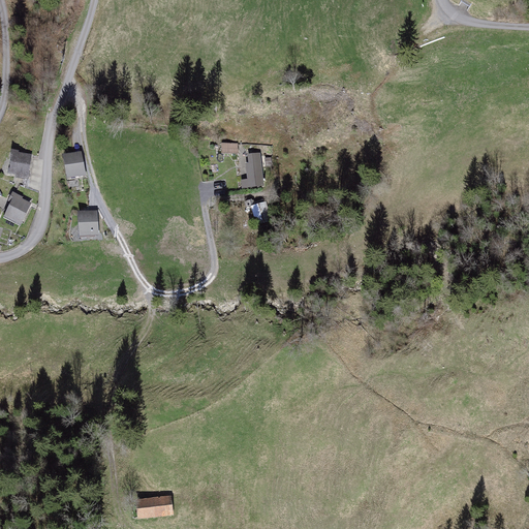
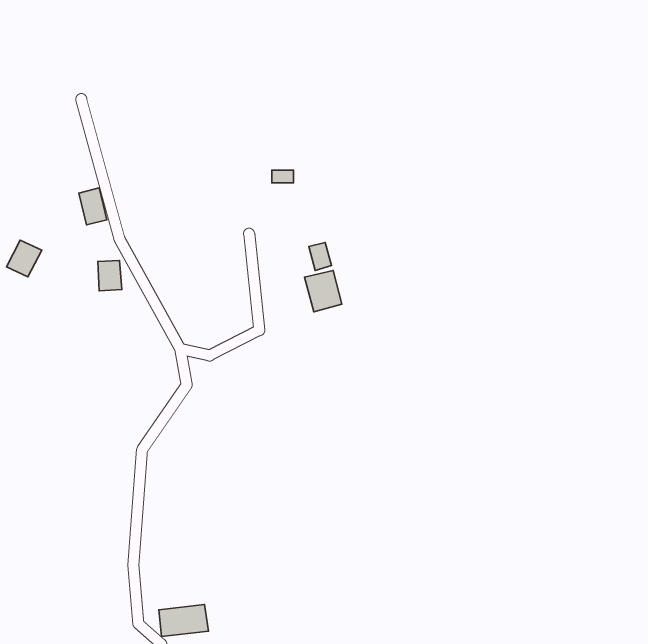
building: [10,153,32,179] -> none
building: [237,154,260,186] -> none
building: none -> [305,271,342,312]

